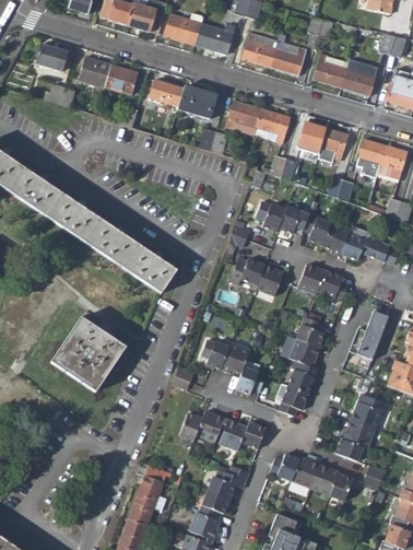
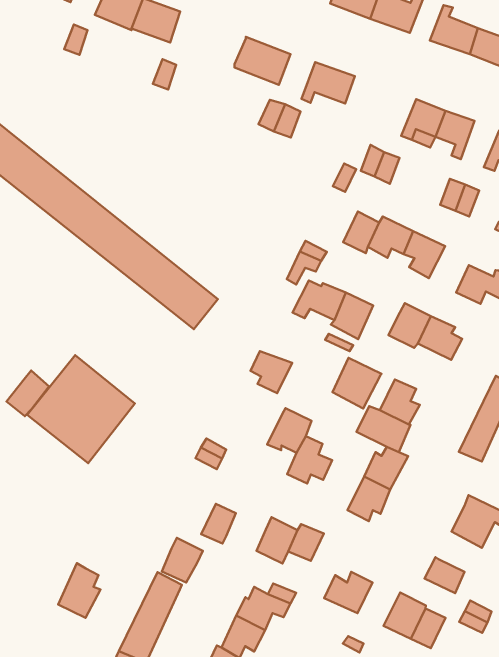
building: [151,79,185,106] -> none
building: [257,108,291,143] -> none
building: [323,222,353,256] -> none
building: none -> [332,358,382,409]
building: none -> [6,371,49,416]
building: [200,340,228,368] -> [251,351,292,393]
building: [196,410,223,441] -> [162,538,203,583]
building: [344,420,374,448] -> none
building: [291,457,319,489] -> none
building: none -> [58,563,101,618]

